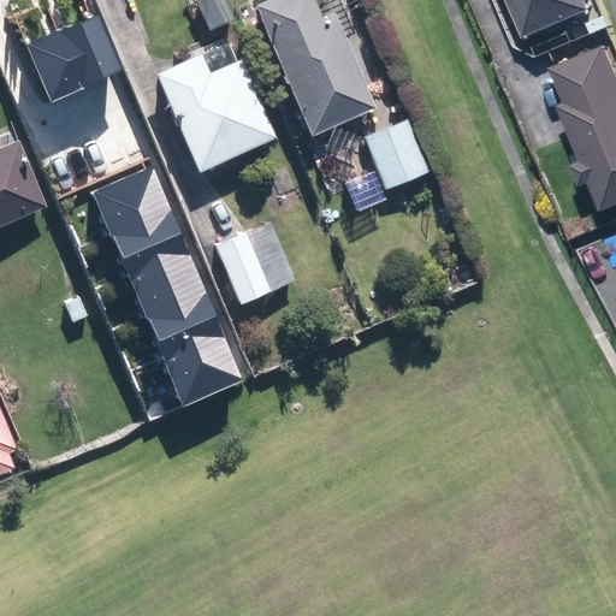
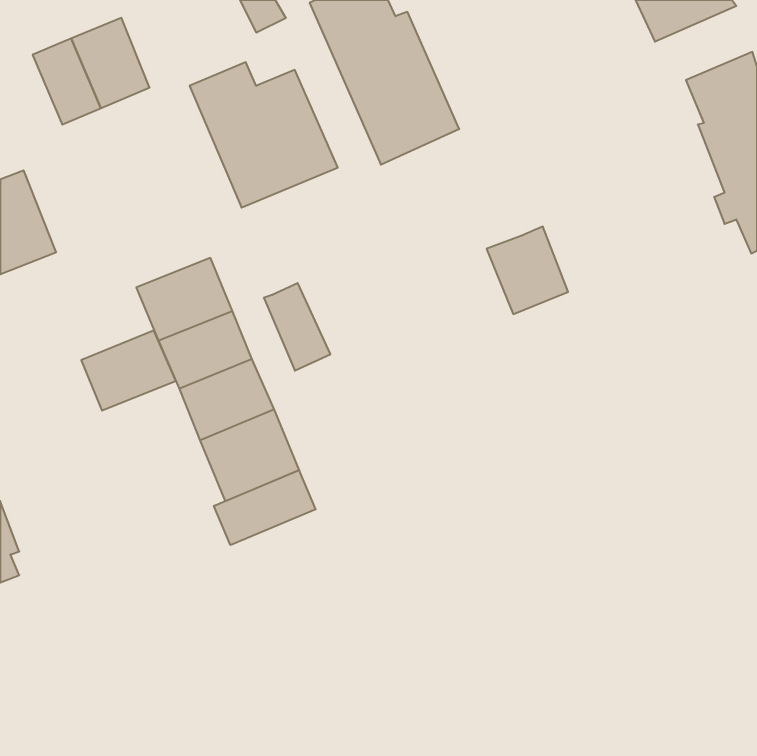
building: [362,118,428,189] -> [487,227,568,314]
building: [94,170,171,235] -> [81,331,176,411]
building: none -> [214,470,316,545]

